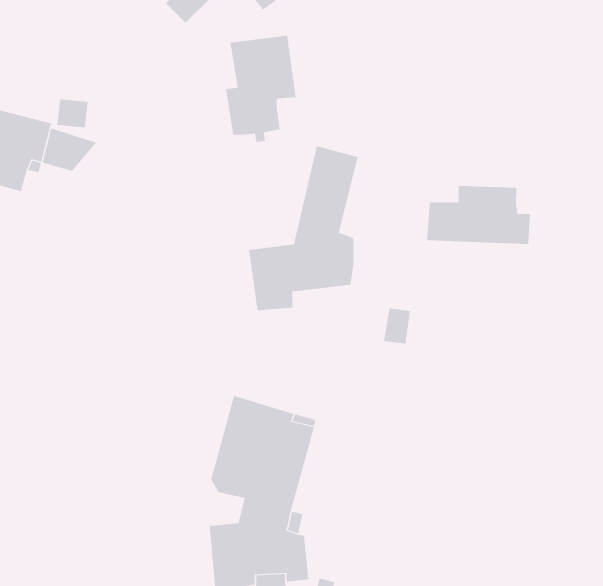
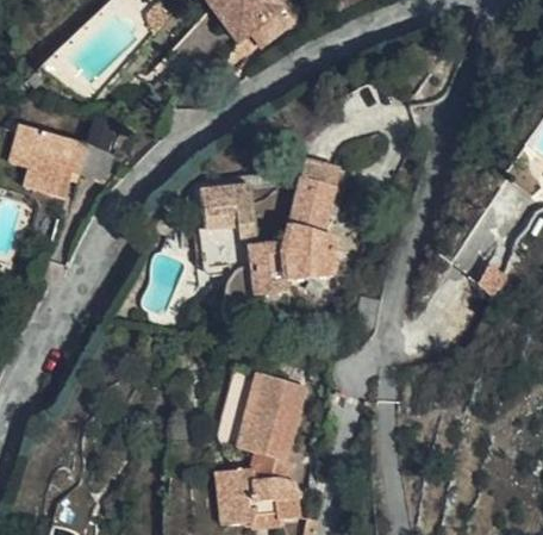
building: [225,35,296,143] -> [198,186,256,274]
building: [427,185,530,245] -> none

